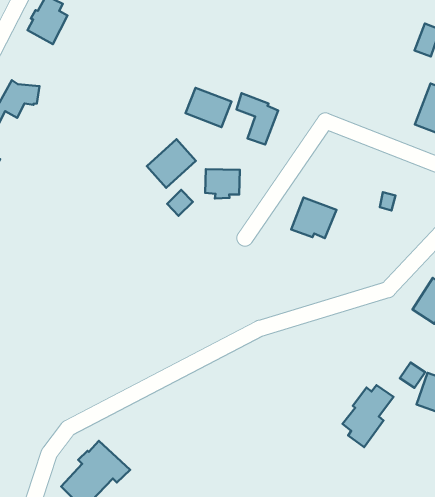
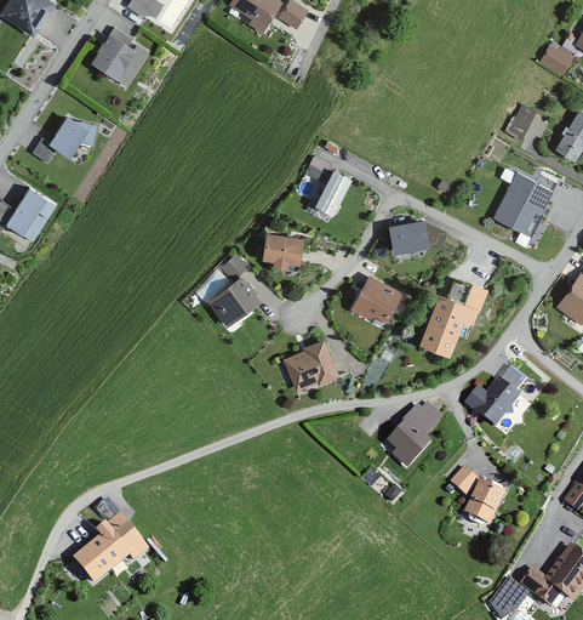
building: [186,88,232,127] -> none
building: none -> [391,214,430,244]
building: [147,139,196,188] -> [208,277,262,328]
building: none -> [419,295,479,355]
building: none -> [284,340,339,391]
building: [342,385,393,447] -> [387,403,445,468]

